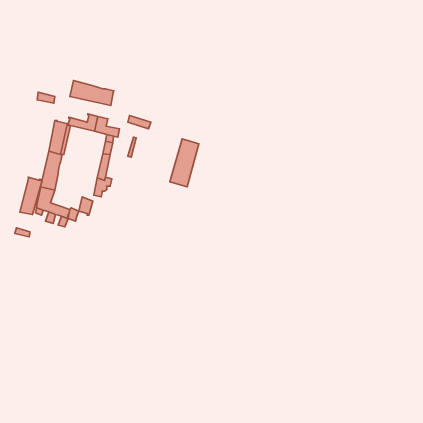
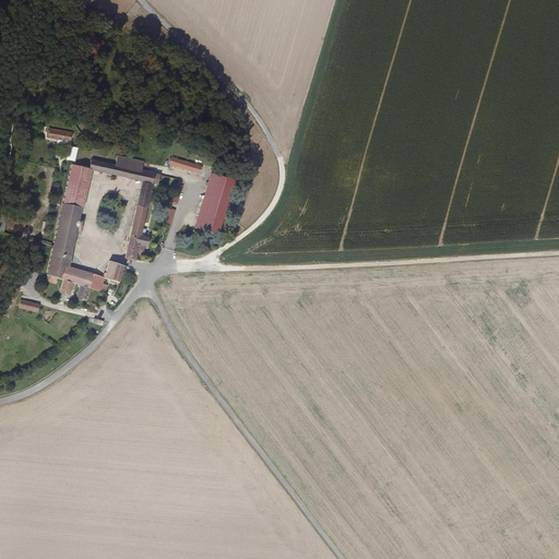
building: [70,81,114,106] -> none
building: [170,139,199,187] -> [192,171,230,235]
building: [20,177,42,215] -> none

